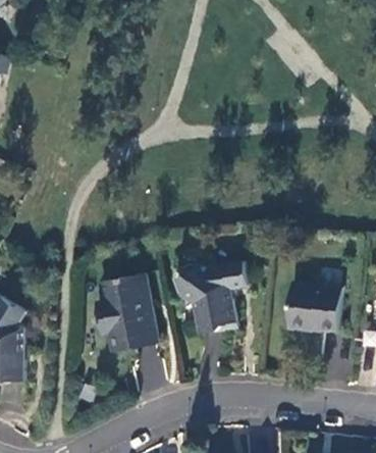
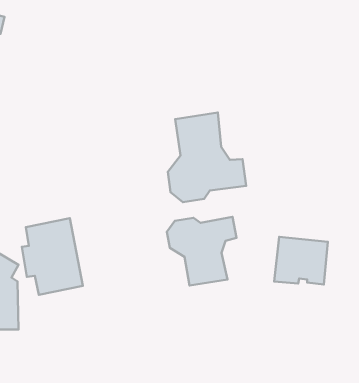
building: none -> [168,112,246,202]
building: [96,273,158,352] -> [22,218,83,295]

